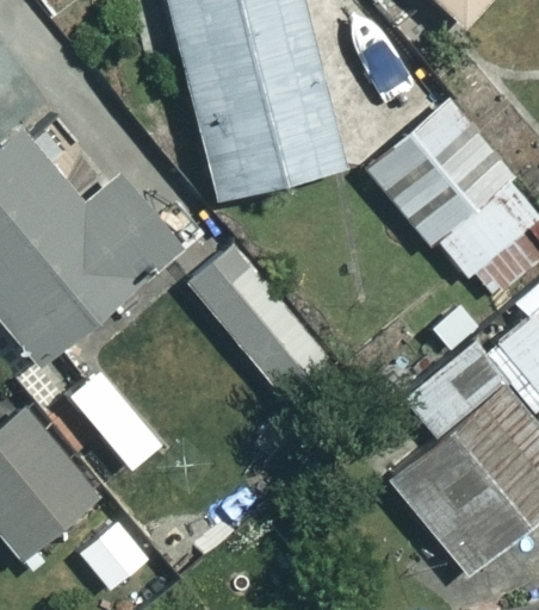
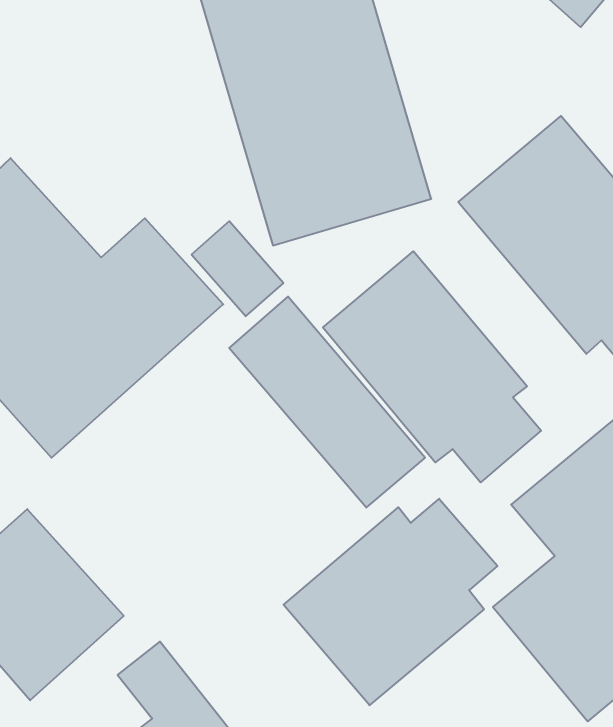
building: none -> [323,251,541,482]
building: none -> [284,499,497,705]

